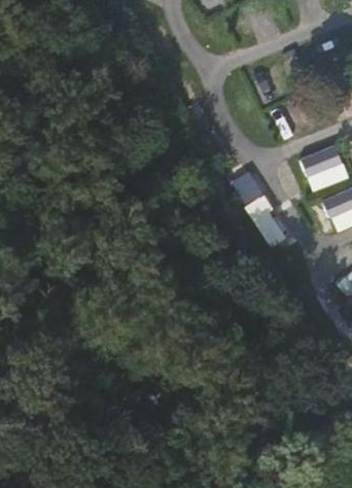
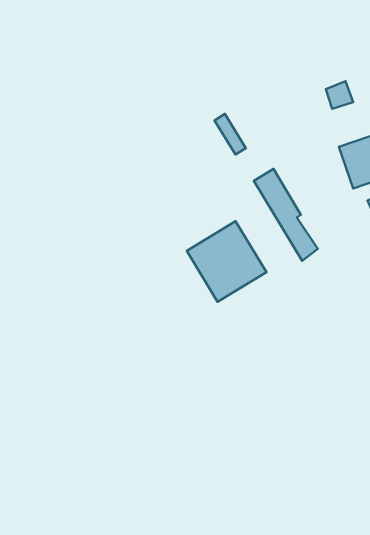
building: none -> [187,221,266,302]

